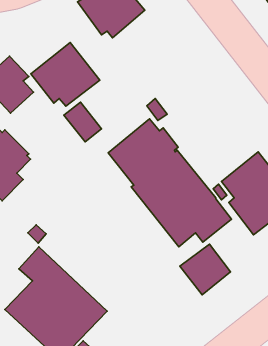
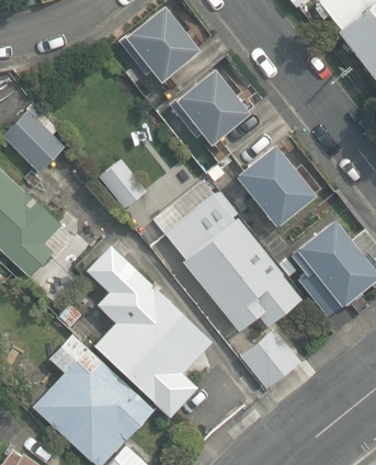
building: [31,42,100,106] -> [168,68,250,144]
building: none -> [233,146,314,227]
building: none -> [88,246,212,416]

